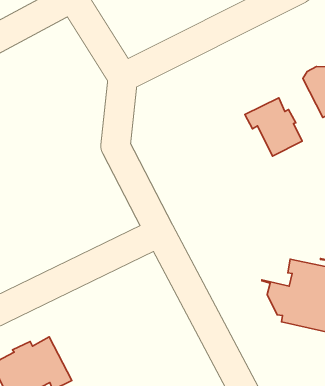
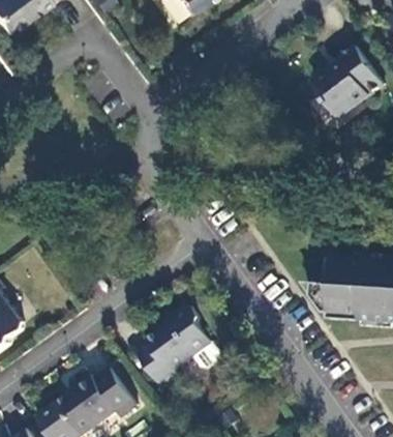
building: [245,98,302,156] -> none
building: none -> [137,307,211,386]

